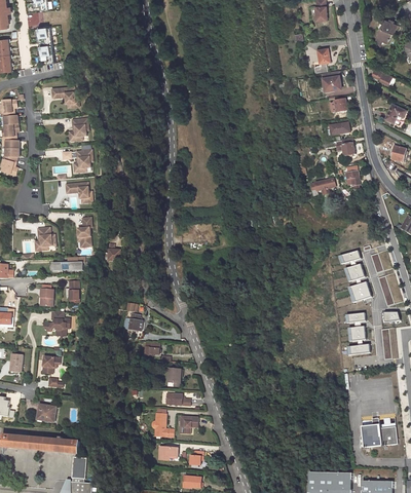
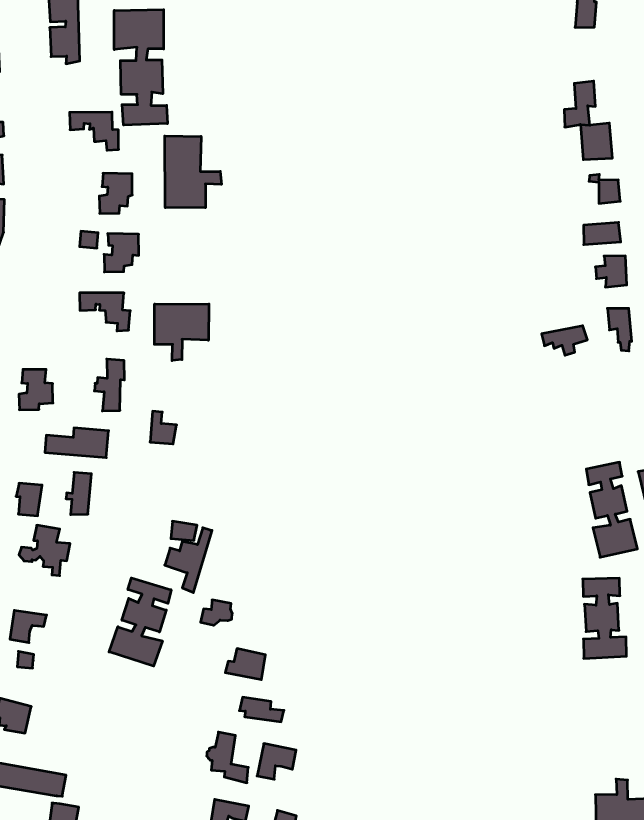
building: none -> [114,10,167,125]
building: none -> [165,136,221,208]
building: none -> [154,304,209,361]
building: none -> [109,578,171,666]

